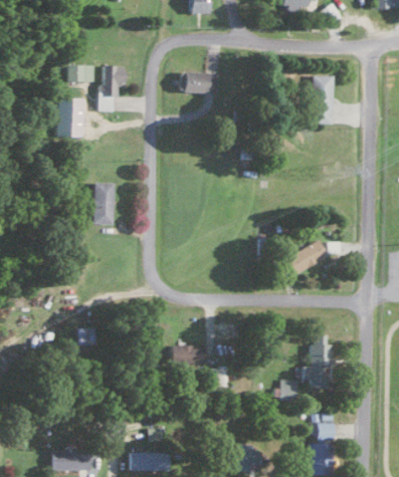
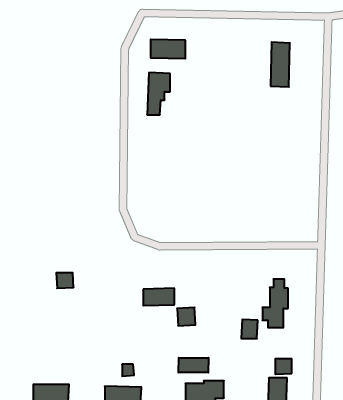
building: [68,65,95,81] -> none
building: [101,65,126,111] -> [147,73,170,115]
building: [57,98,84,137] -> none
building: [93,183,115,225] -> none
building: [288,240,330,274] -> none
building: none -> [178,358,209,373]

